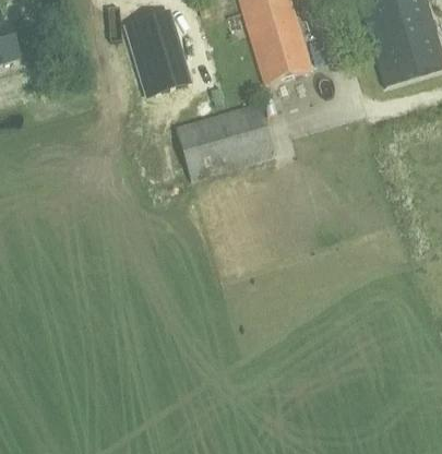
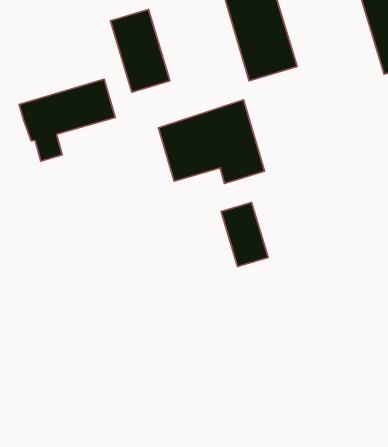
building: none -> [19,79,115,161]
building: none -> [221,202,268,267]

